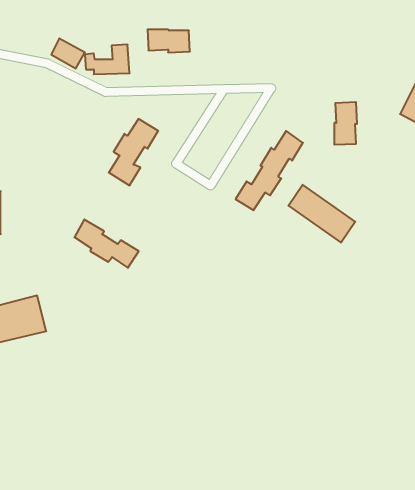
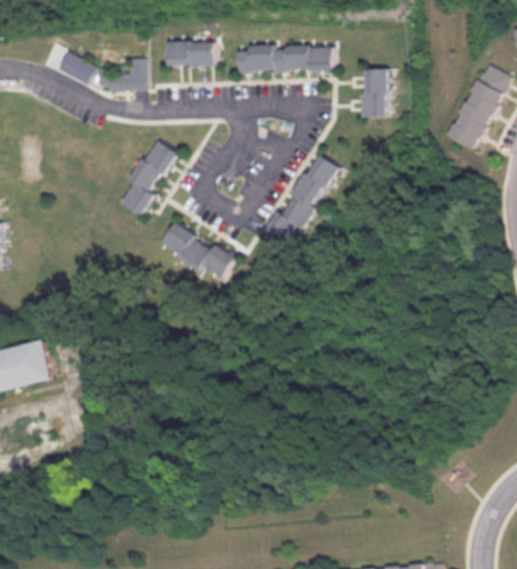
building: none -> [237,43,332,73]
building: [334,102,357,145] -> [361,69,387,117]
building: [288,185,355,243] -> none
building: [74,219,139,268] -> [163,222,236,277]

